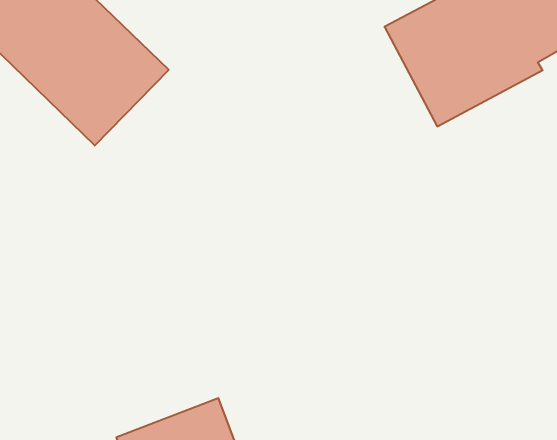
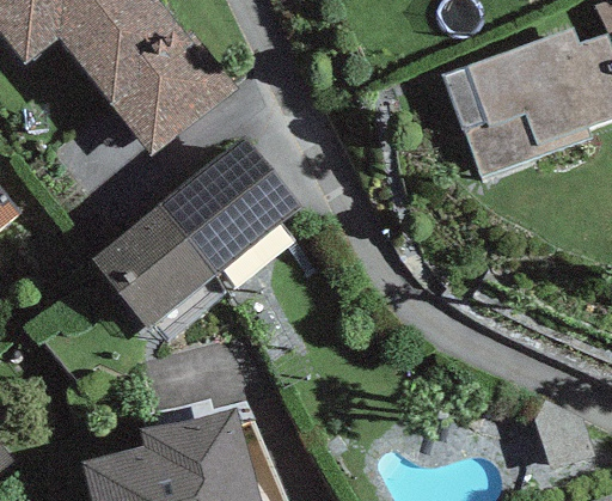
building: none -> [91,139,299,331]

